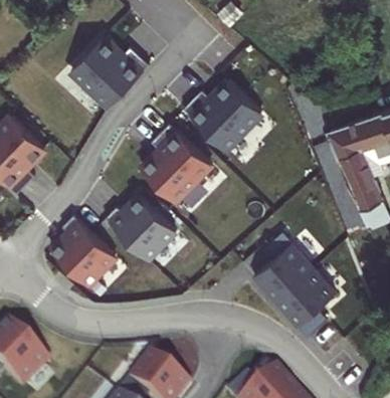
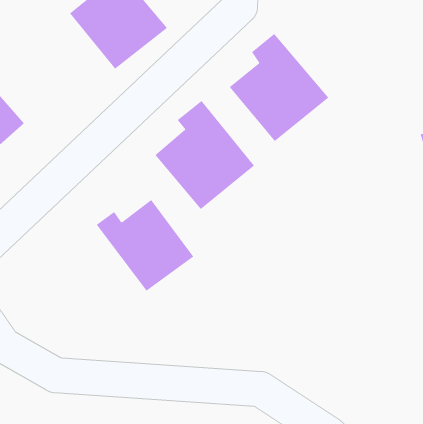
building: [51,216,117,287] -> none
building: [257,242,336,324] -> none

